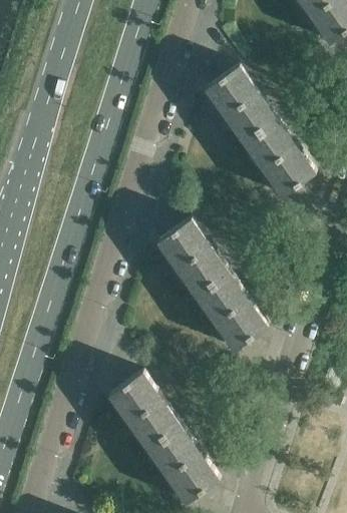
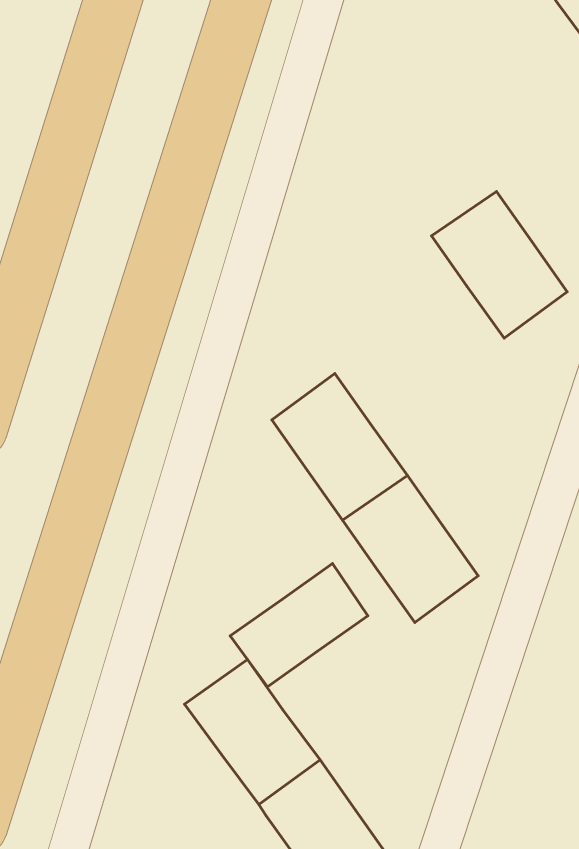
building: [205,64,278,143] -> none
building: none -> [230,564,368,687]

